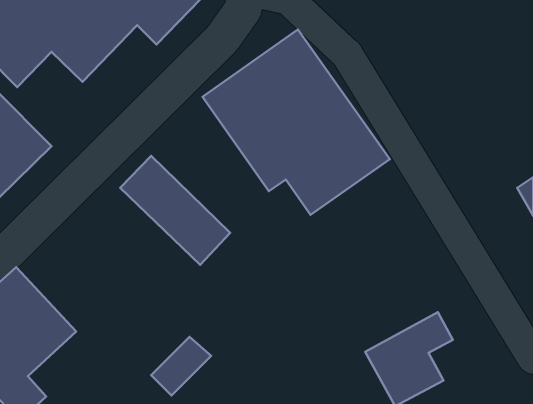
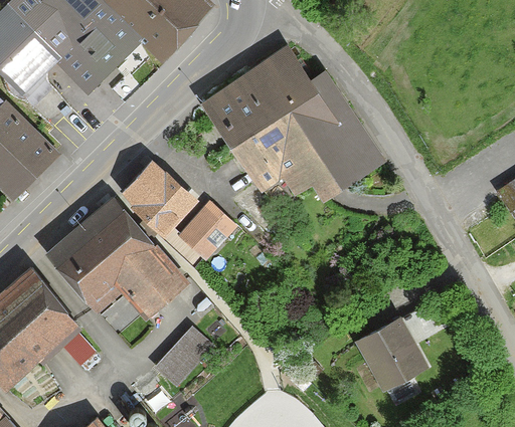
building: none -> [47,196,185,313]

